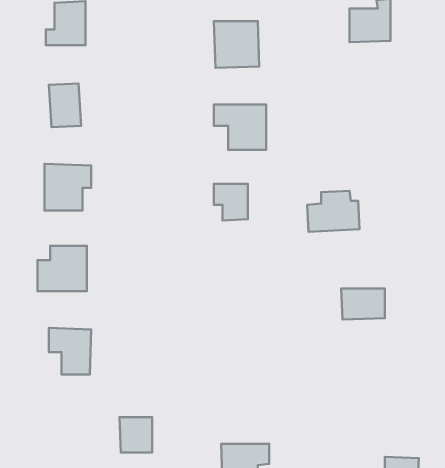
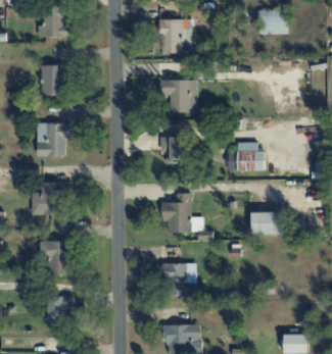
building: none -> [161,193,212,240]
building: none -> [163,263,196,296]
building: [120,417,152,452] -> [48,296,72,321]

